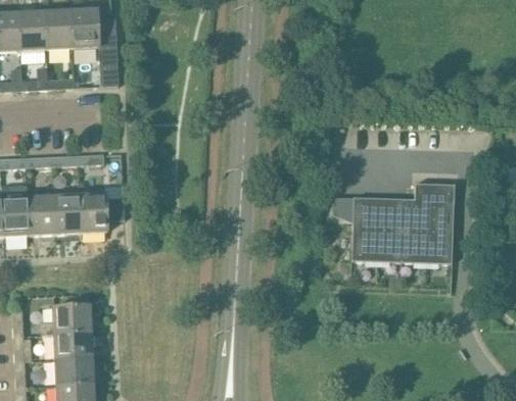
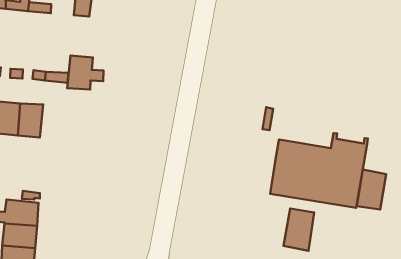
building: [79,193,120,232] -> [67,55,104,90]
building: none -> [357,170,386,210]
building: none -> [283,208,314,251]

